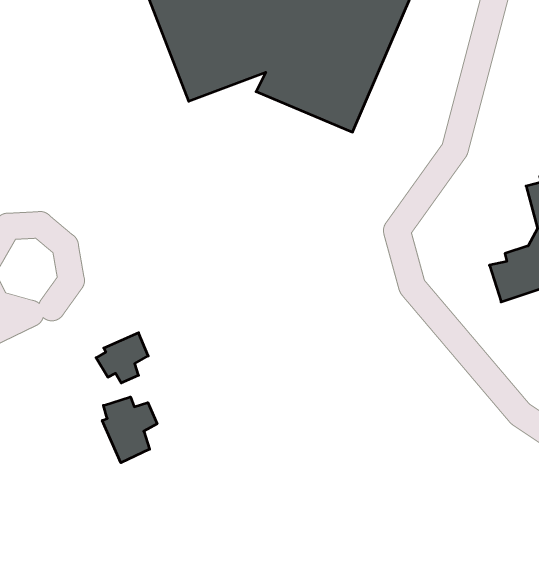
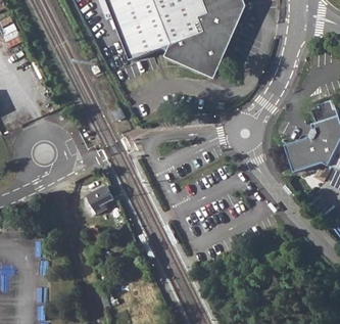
building: [102,397,157,463] -> none

